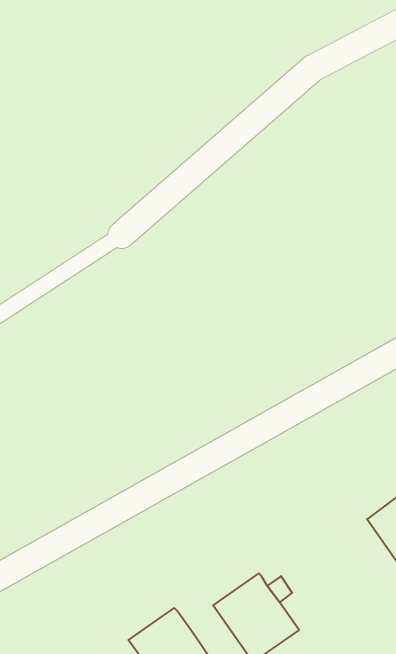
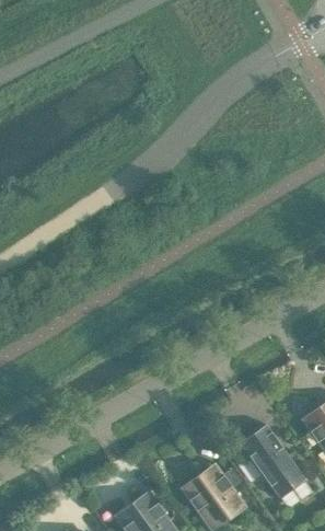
building: none -> [240,423,305,498]

